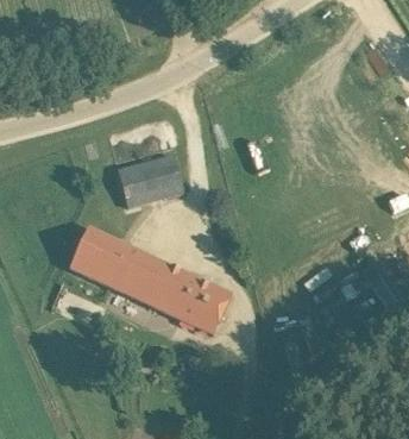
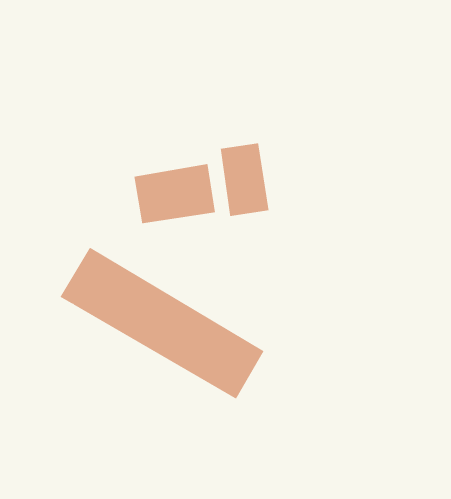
building: none -> [220,142,269,217]

